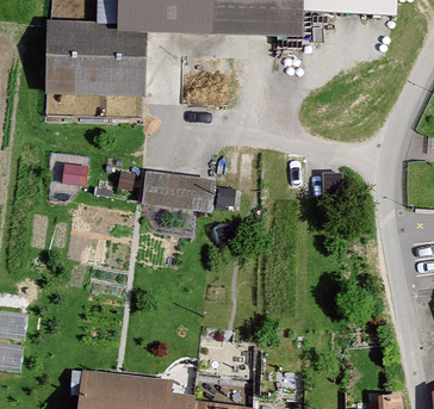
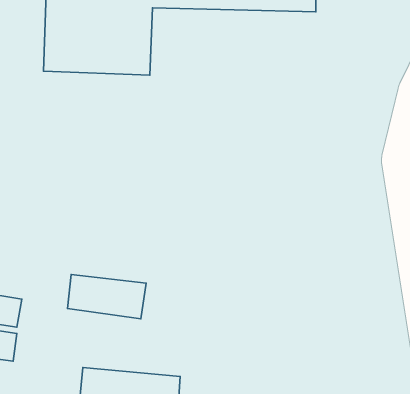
building: [140,166,213,207] -> [67,274,146,319]

